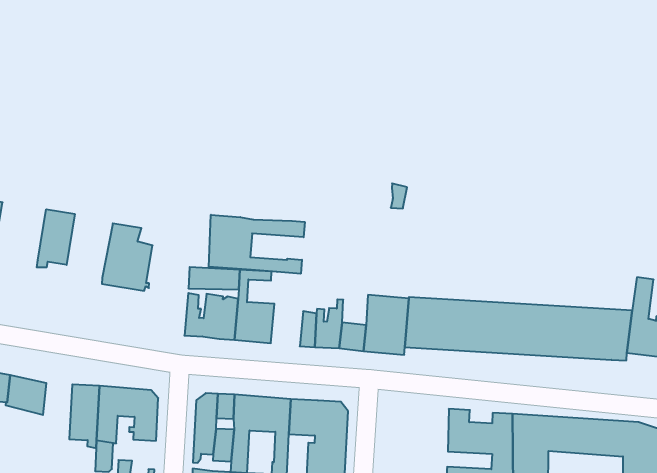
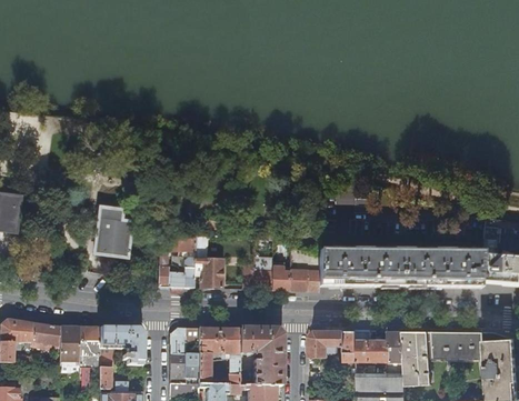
building: [37,209,75,267] -> none
building: [209,215,305,274] -> none
building: none -> [59,327,79,372]
building: none -> [309,330,356,361]

